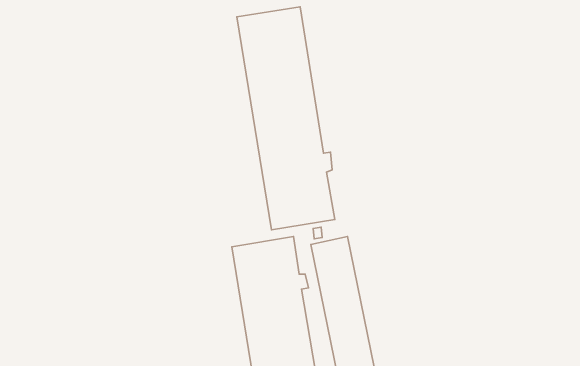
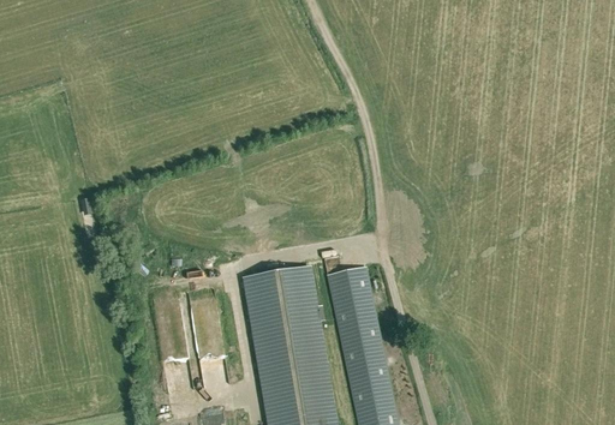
building: [237,7,335,230] -> none

